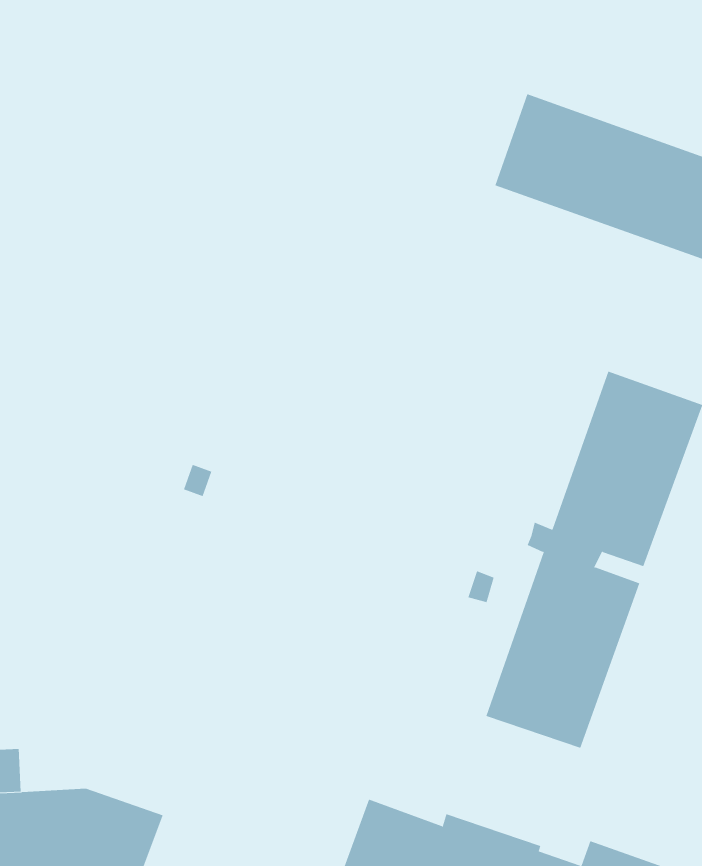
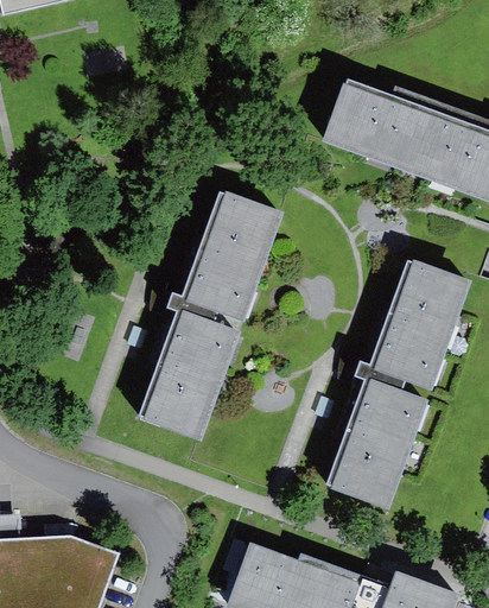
building: none -> [138,192,282,443]

